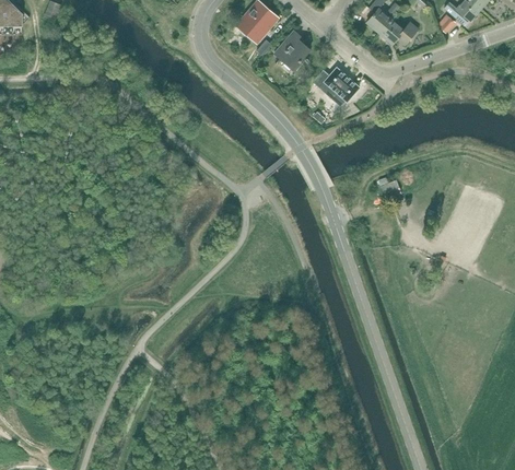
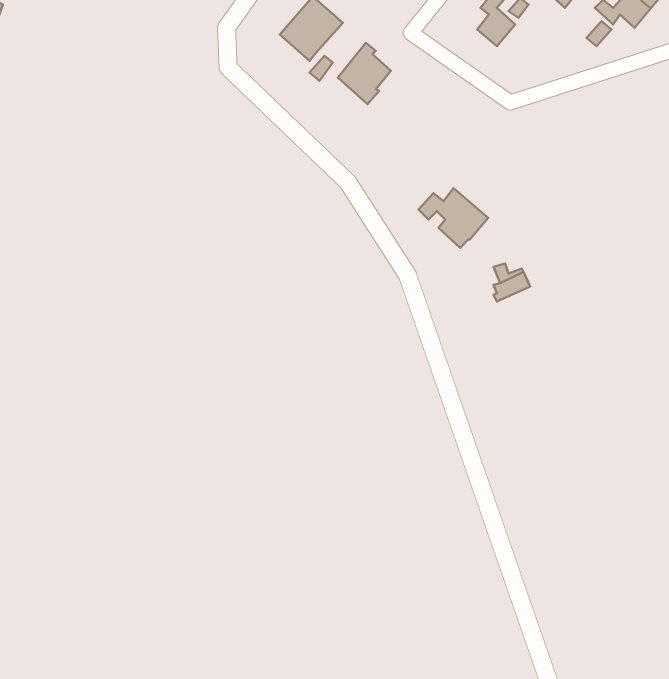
building: [379,20,418,45] -> none
building: [313,68,359,107] -> [419,188,488,248]

